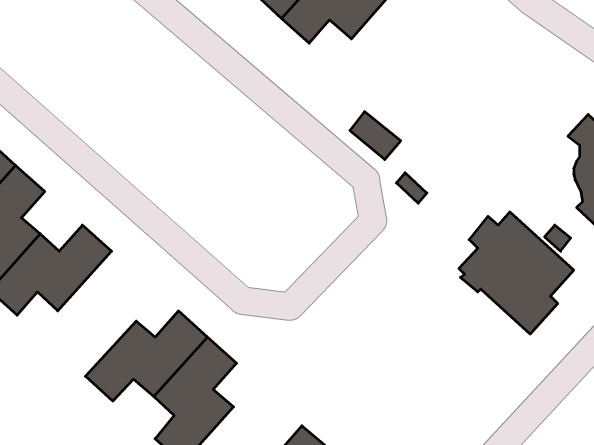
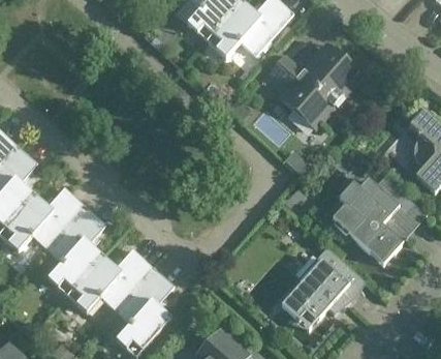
building: none -> [264,44,361,129]
building: none -> [46,206,105,295]
building: none -> [281,246,365,329]

